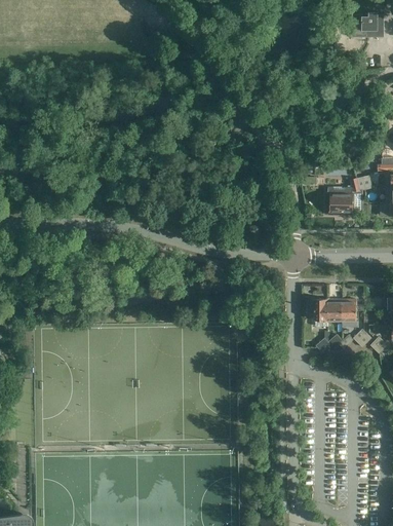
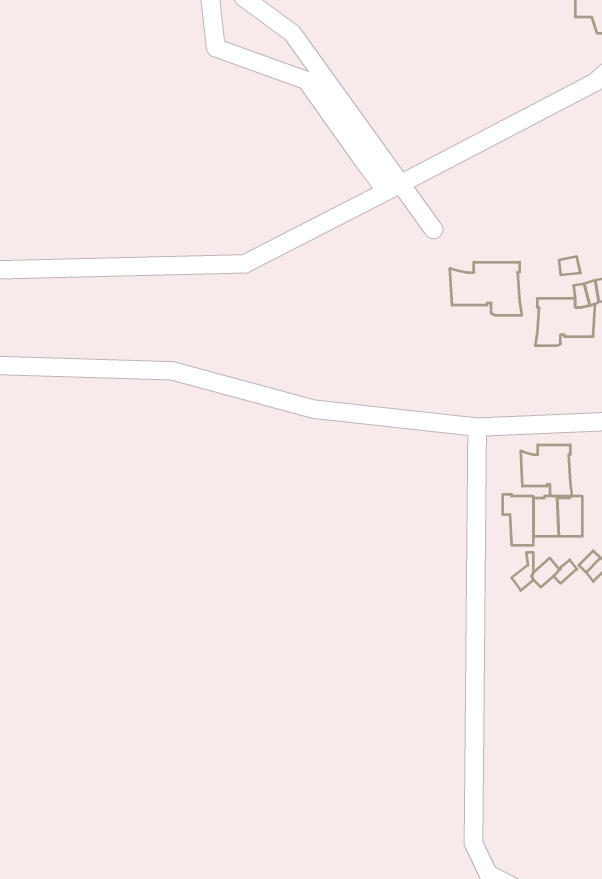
building: none -> [450,262,522,315]
building: none -> [521,445,572,496]

